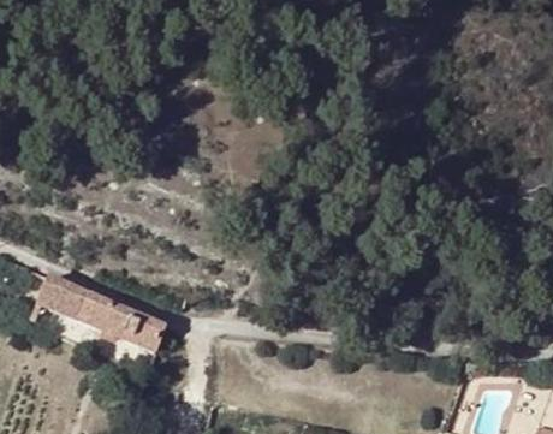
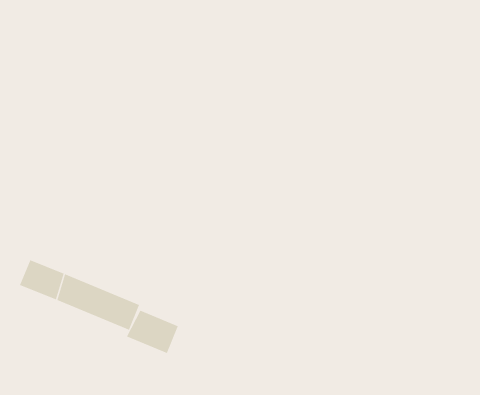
building: none -> [126,310,179,354]

